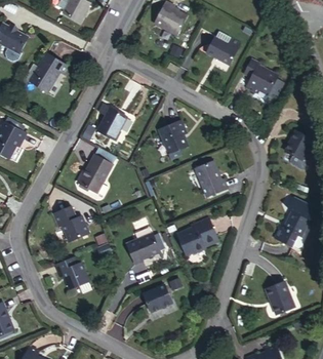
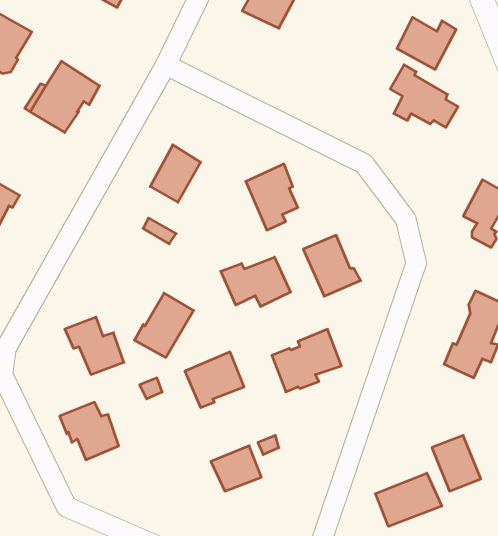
building: [206,34,241,65] -> [397,17,456,69]
building: [76,159,111,197] -> [134,293,194,357]
building: none -> [221,257,291,307]
building: none -> [375,473,442,526]

